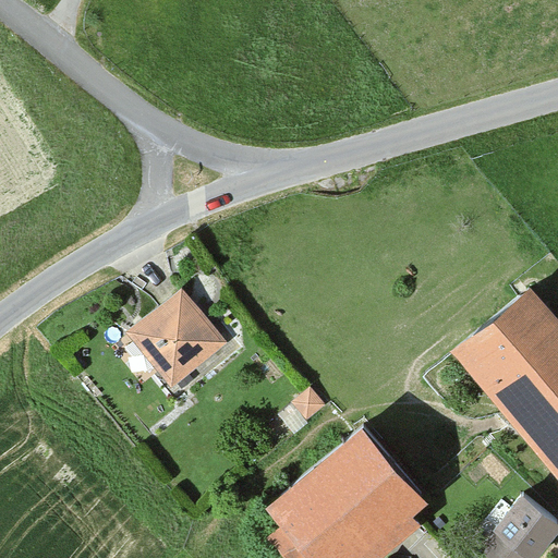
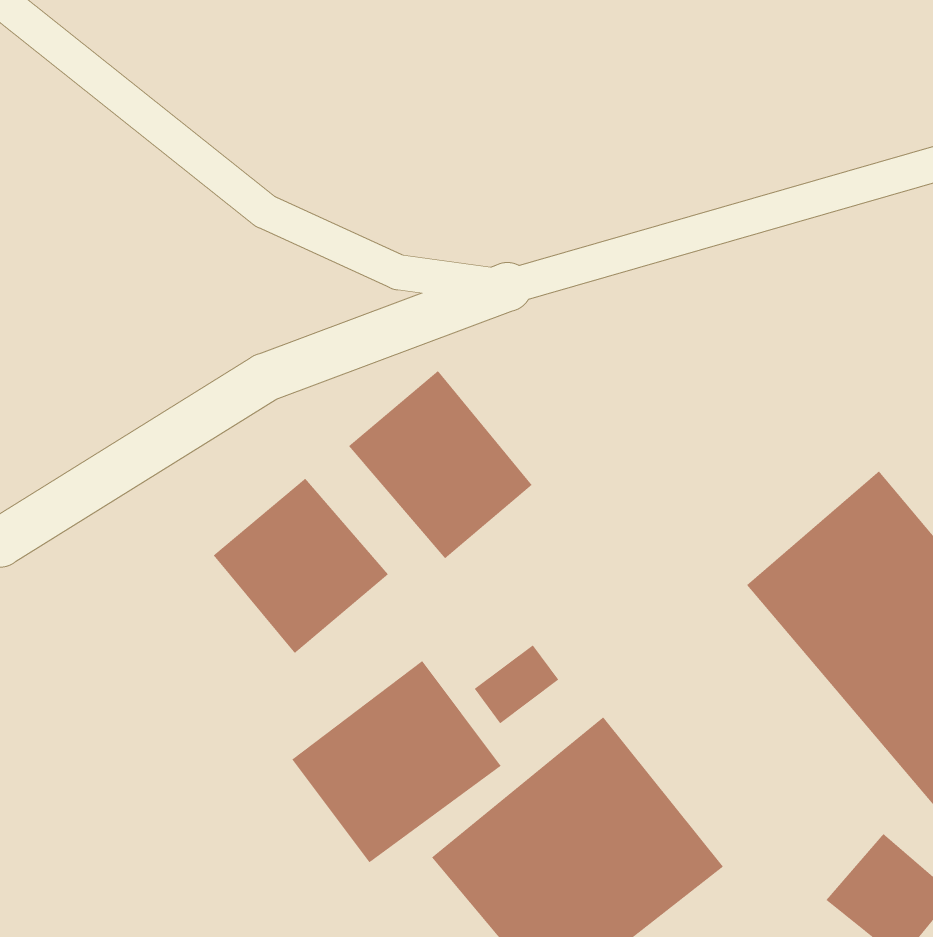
building: none -> [348,370,532,559]
building: none -> [292,660,502,863]

